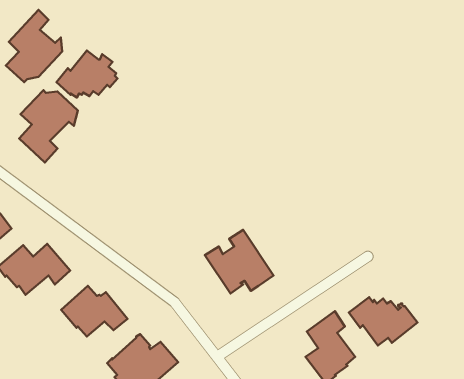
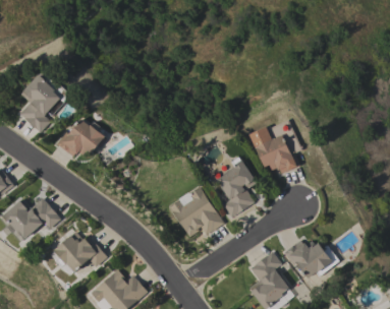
building: [6,10,62,82] -> none
building: [56,50,117,97] -> [57,118,106,156]
building: none -> [249,120,302,174]
building: none -> [217,157,258,218]

